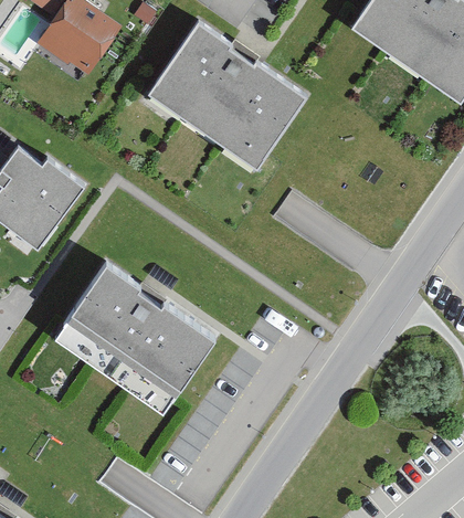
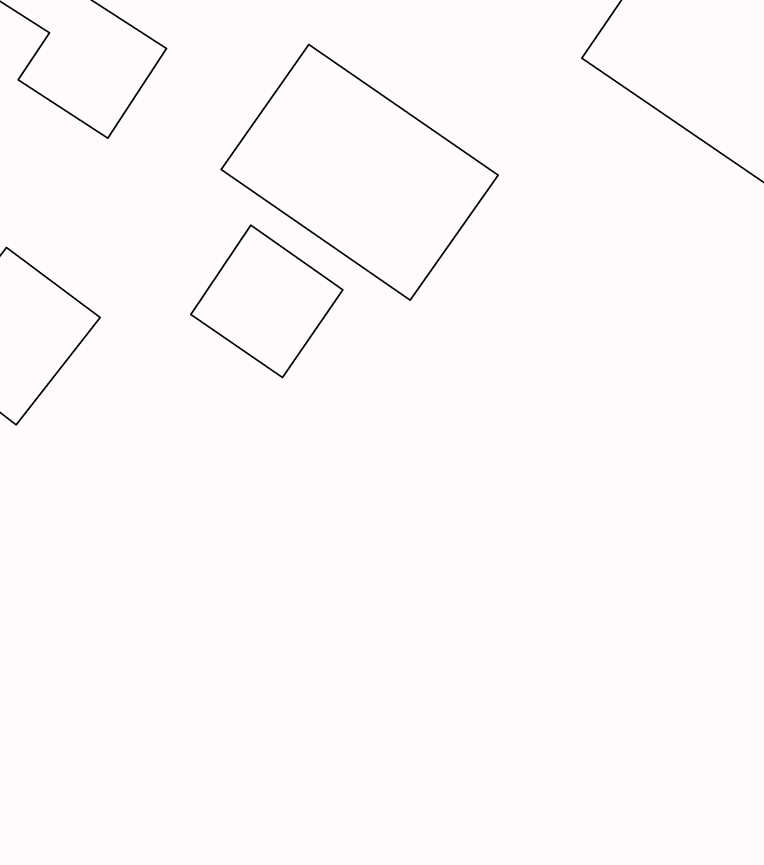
building: none -> [191,225,343,377]
building: [49,260,212,409] -> none

